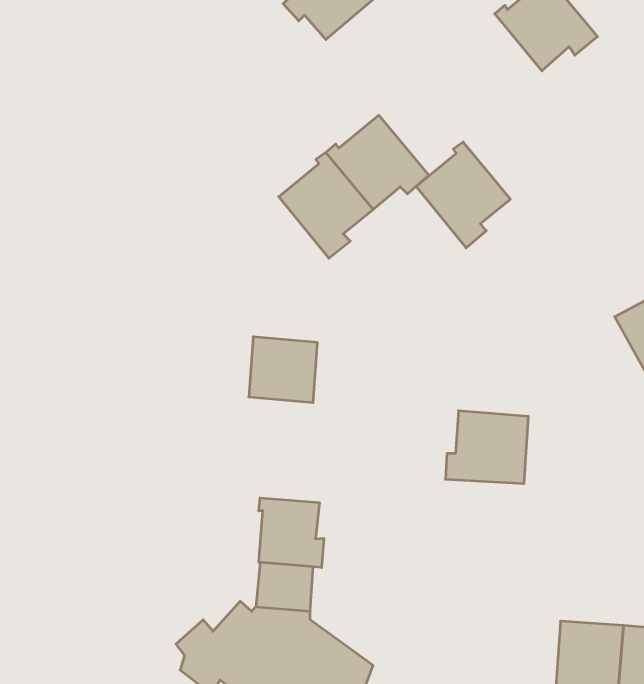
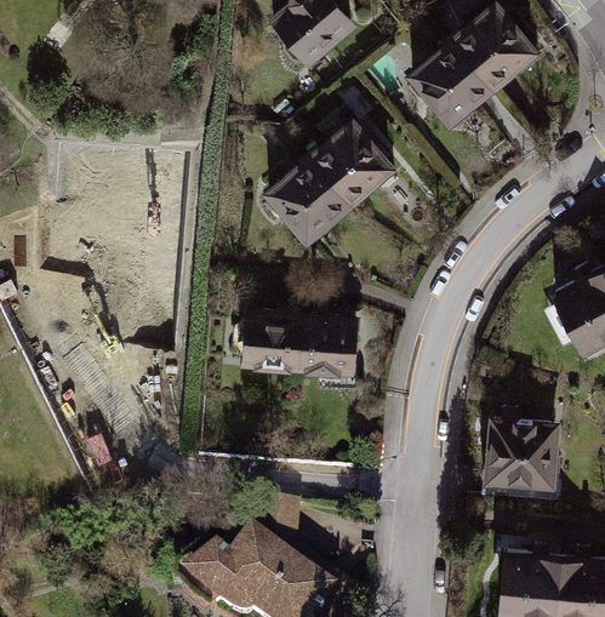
building: [416,142,510,248] -> [411,39,491,128]
building: none -> [297,318,354,372]
building: [445,411,528,484] -> [484,421,554,482]
building: [259,498,324,568] -> none

